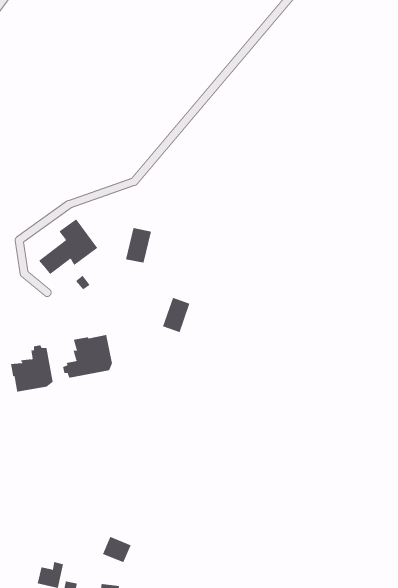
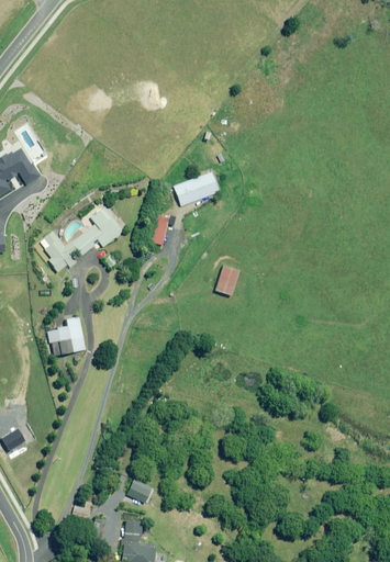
building: none -> [174,171,220,205]
building: [162,297,190,333] -> [215,265,239,295]
building: [62,334,113,378] -> none

